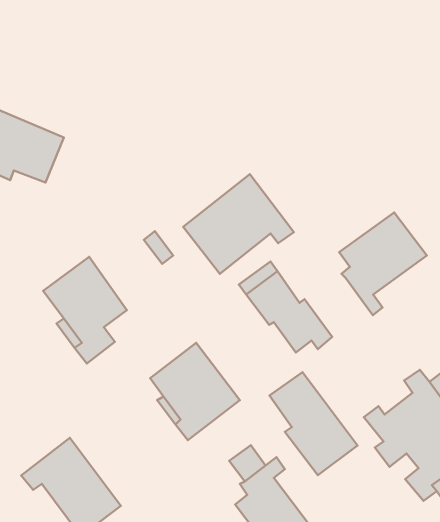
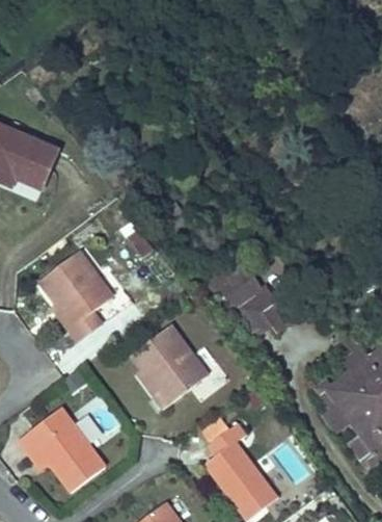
building: [183,174,294,274] -> none
building: [339,212,427,315] -> none
building: [270,372,358,475] -> none

